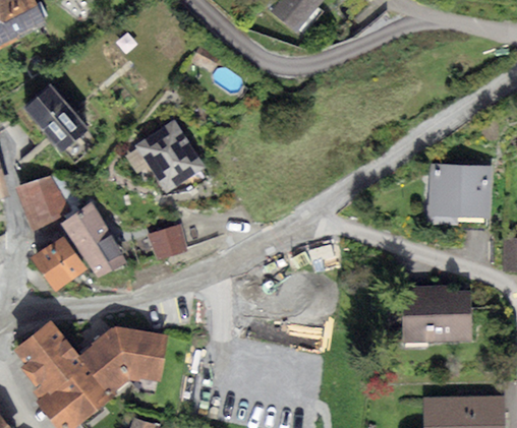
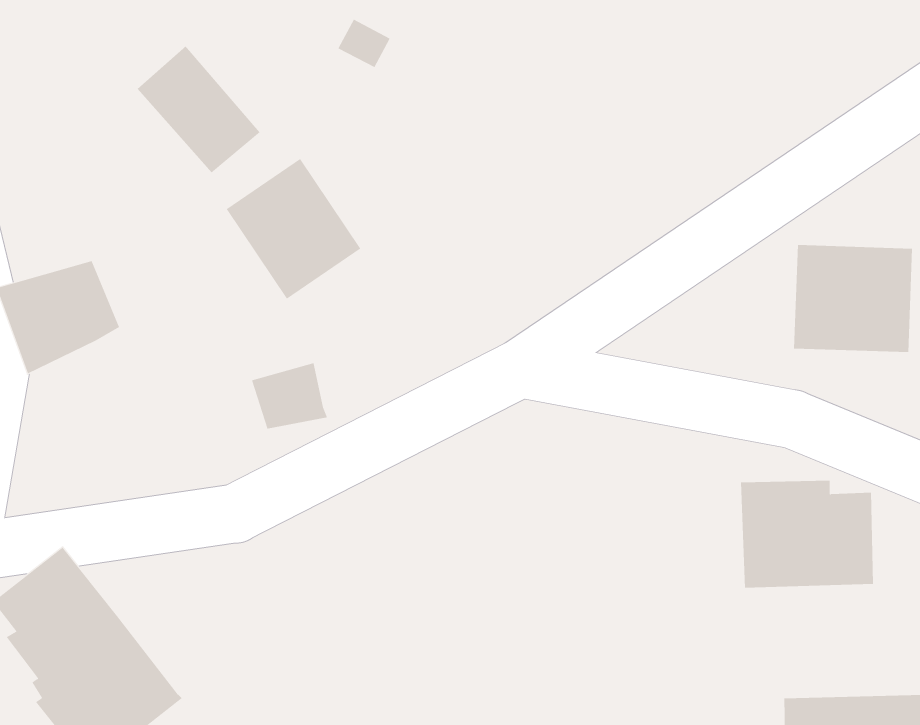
building: [23,84,88,150] -> [137,46,261,173]
building: [62,203,127,276] -> none
building: [31,236,89,293] -> none
building: [78,326,166,396] -> none

